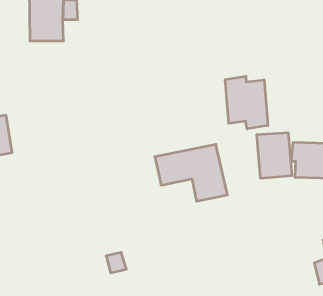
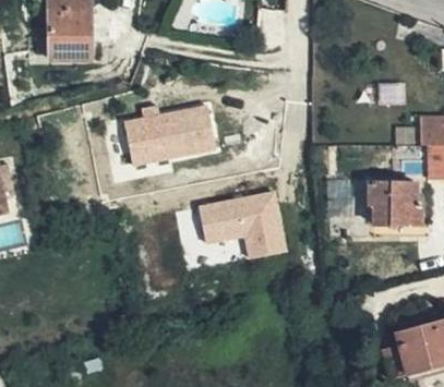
building: none -> [125,105,214,164]
building: [225,76,268,129] -> none

